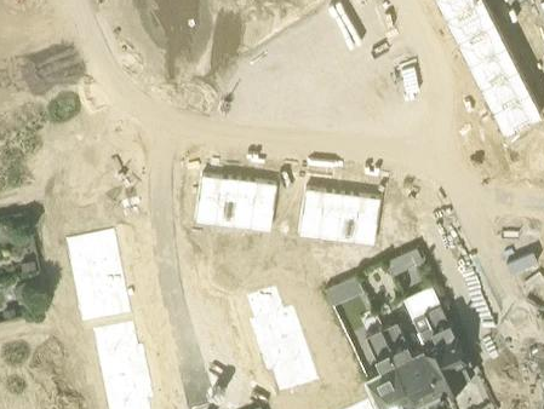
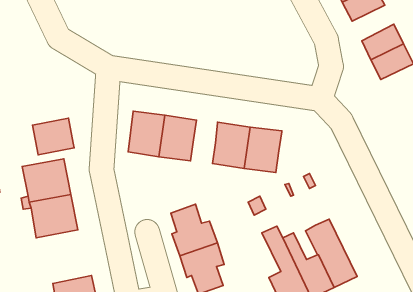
building: [468,42,519,86] -> none
building: none -> [33,118,74,155]
building: [96,323,149,382] -> none

